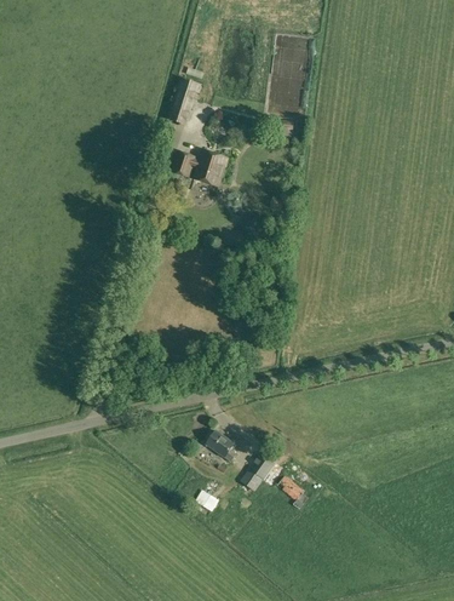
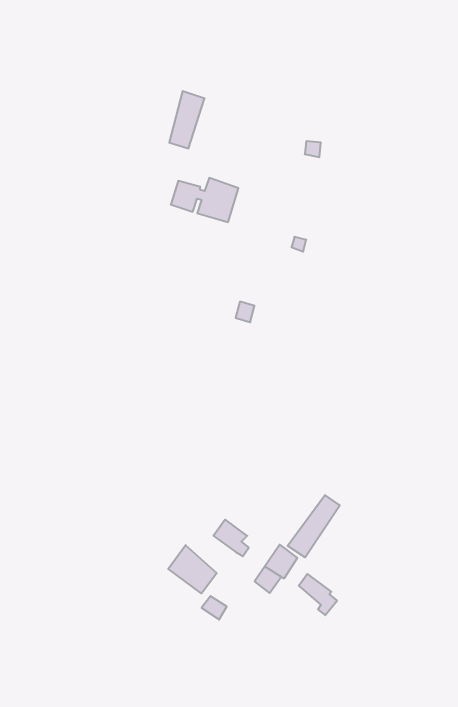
building: none -> [288,495,340,557]
building: none -> [168,545,217,593]

